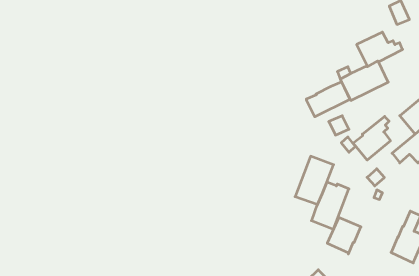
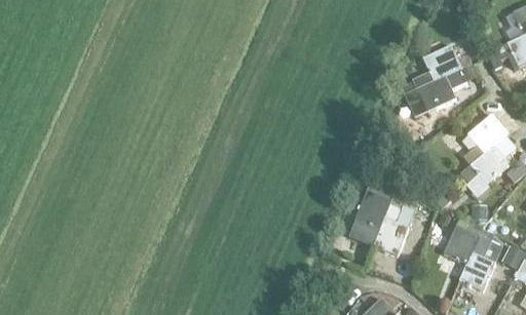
building: [306,82,350,117] -> none
building: [353,116,390,160] -> none
building: [327,217,361,254] -> [443,226,479,265]

